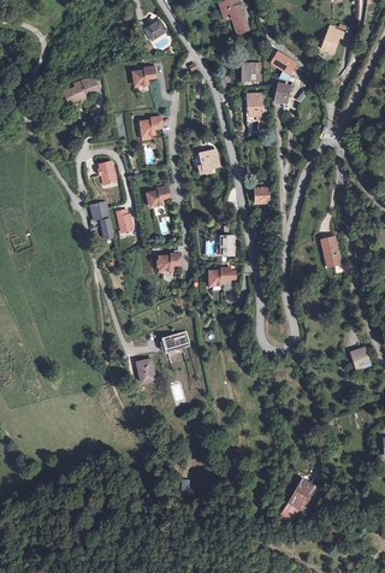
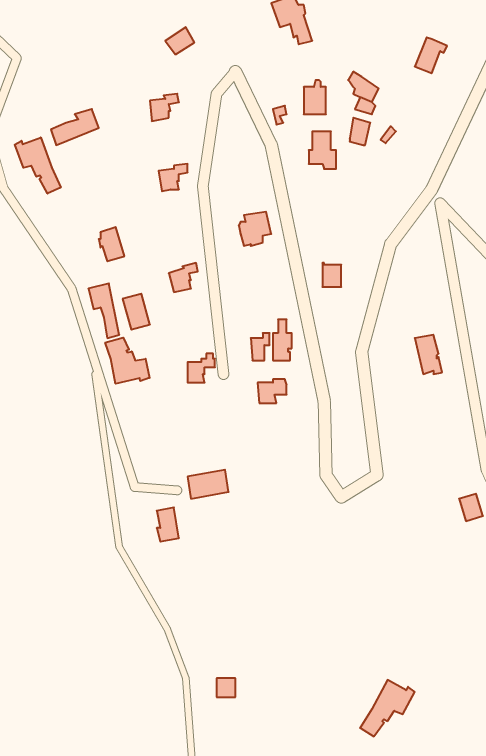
building: none -> [15,137,61,194]
building: none -> [105,338,150,384]

